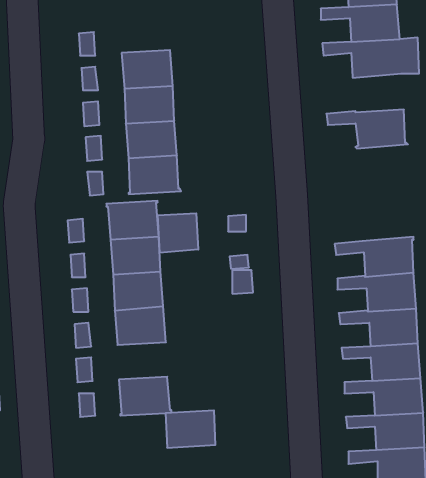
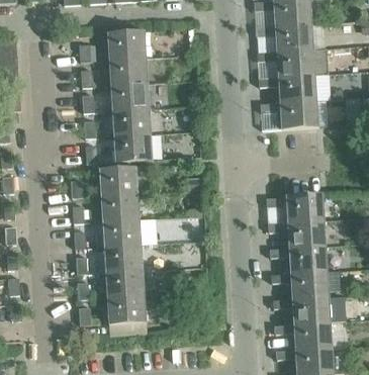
building: none -> [106,30,145,59]
building: none -> [258,74,315,102]
building: [158,213,198,253] -> none
building: [166,410,215,448] -> [106,270,143,297]

